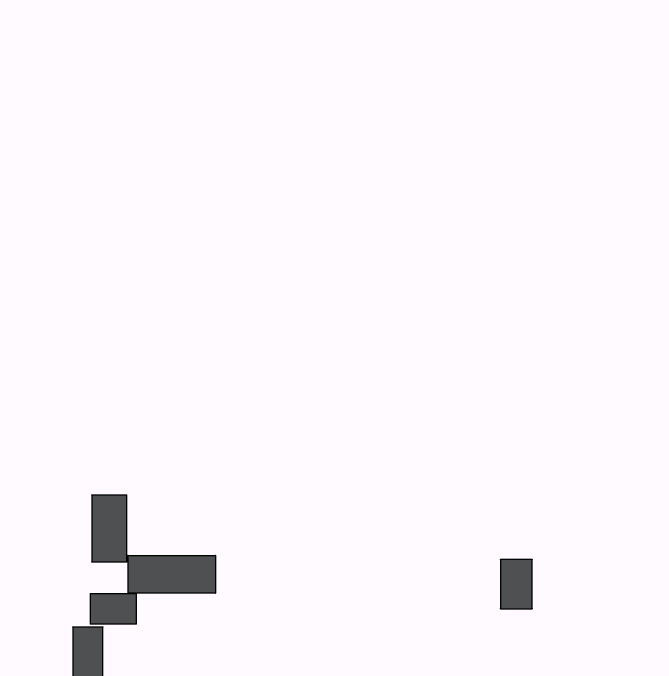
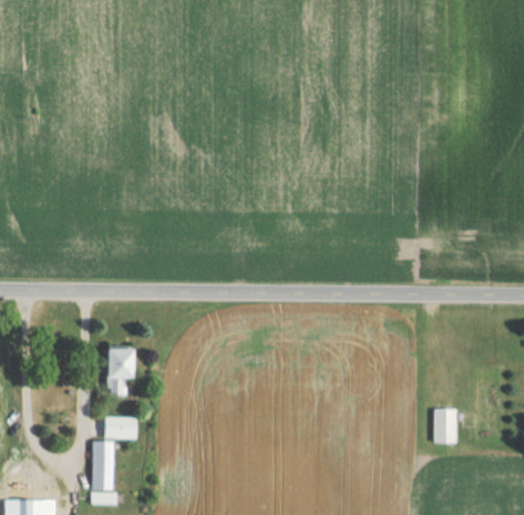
building: [128,555,215,593] -> none
building: [500,560,532,609] -> [435,406,458,441]

